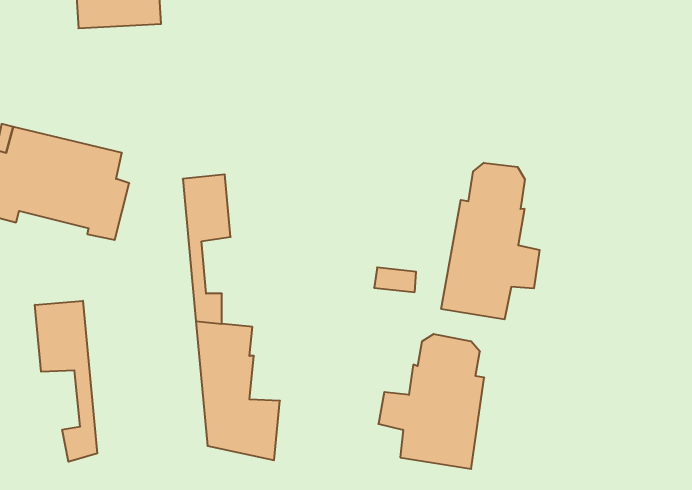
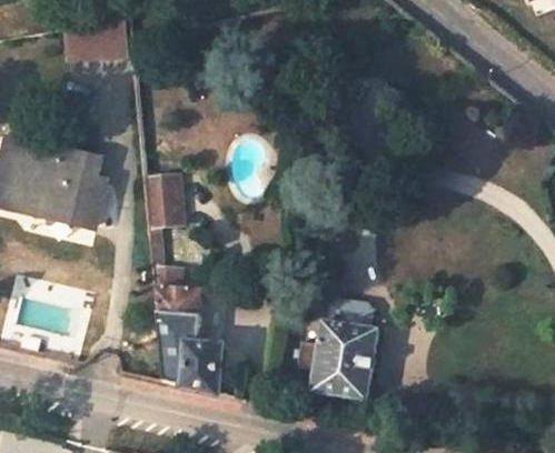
building: [441,163,540,319] -> none
building: [35,301,97,462] -> none

